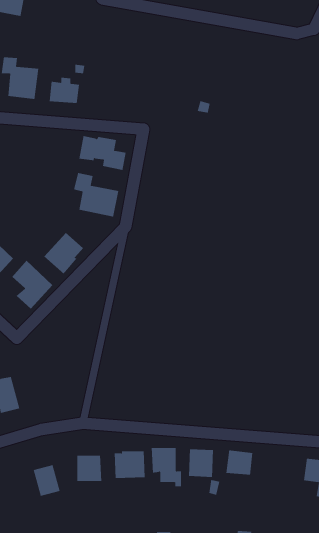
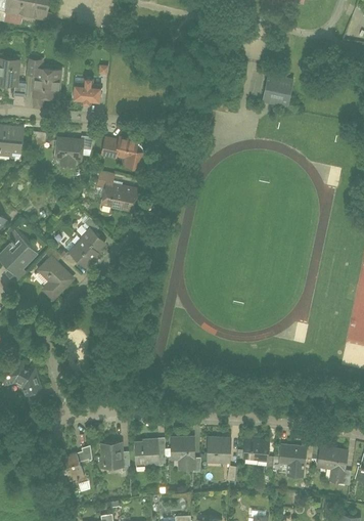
building: none -> [261,74,292,107]
building: none -> [54,137,83,167]
building: none -> [278,443,307,477]

